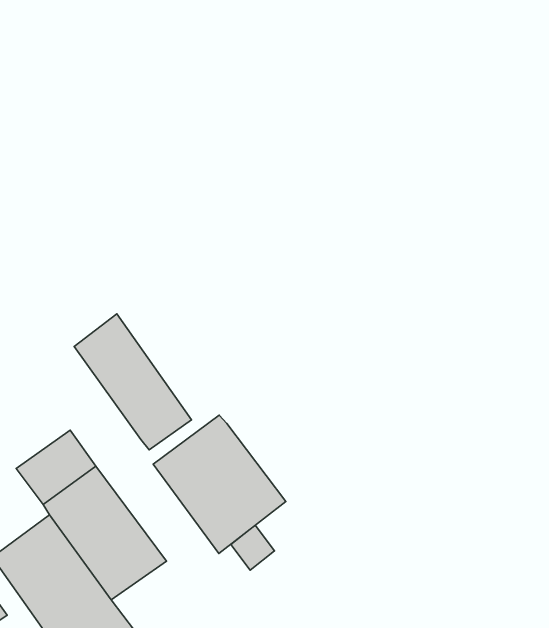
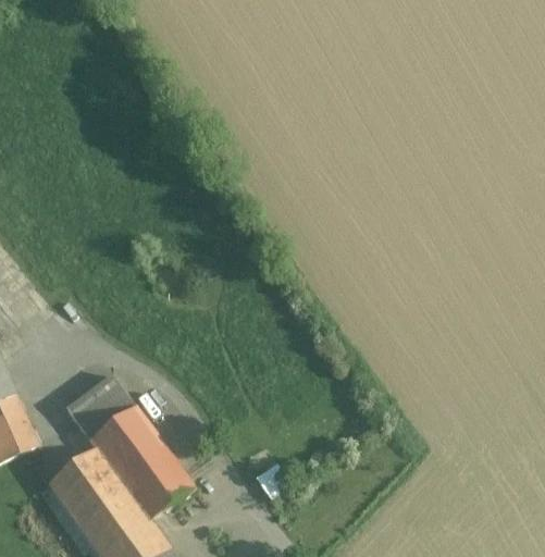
building: [74,314,191,450] -> none
building: [153,415,286,553] -> none

